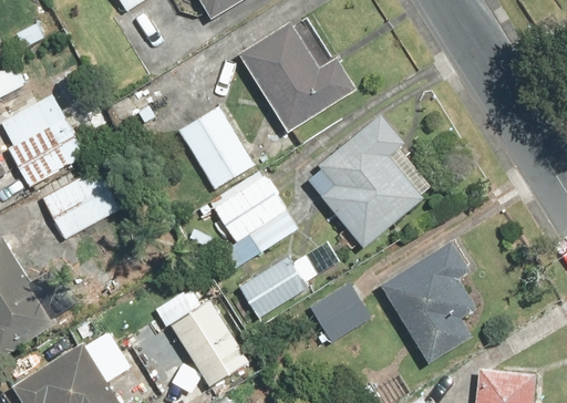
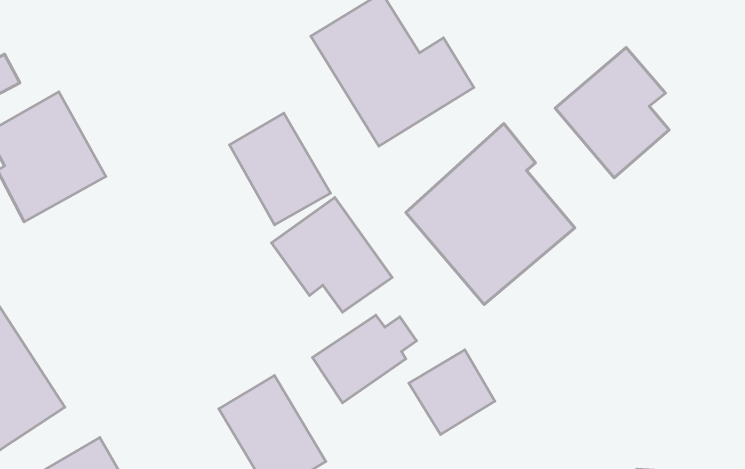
building: none -> [555,47,669,178]
building: [39,165,122,239] -> none
building: [380,237,478,361] -> none

